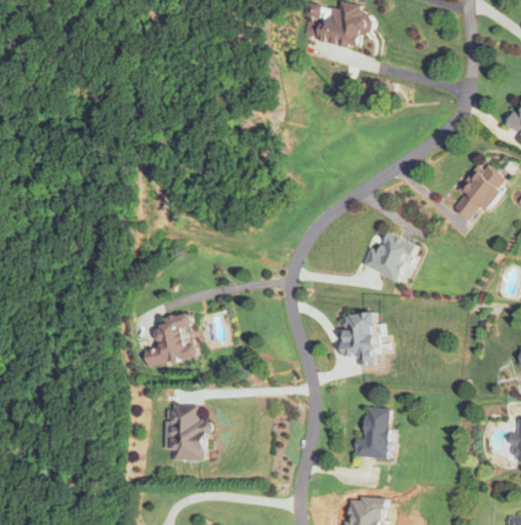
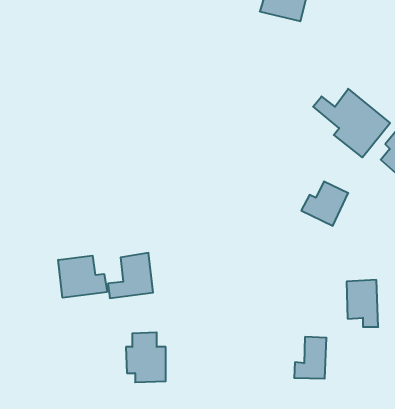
building: none -> [313,89,390,157]
building: [342,313,377,366] -> [347,280,378,327]
building: none -> [58,256,107,298]

